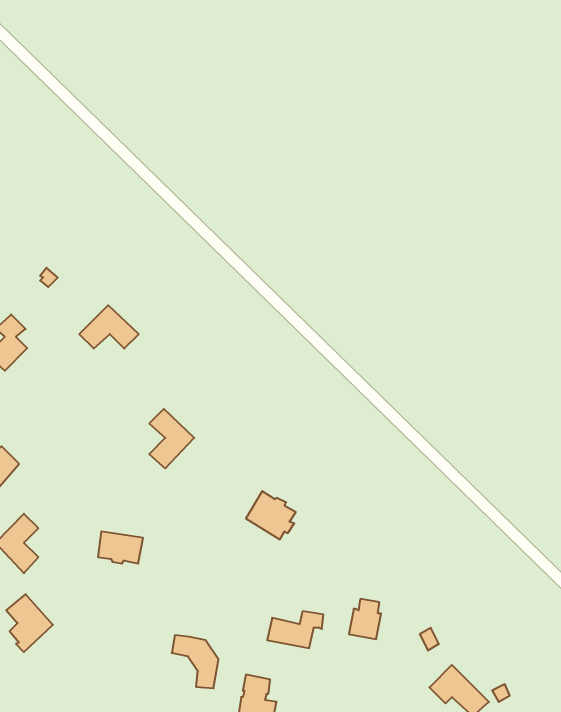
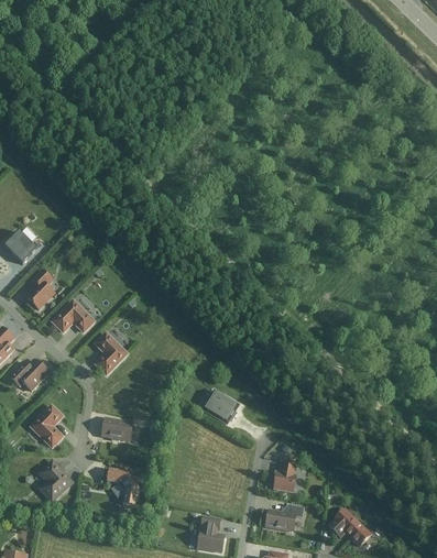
building: [79,305,139,349] -> [52,300,92,330]
building: [149,409,194,468] -> [95,332,125,373]
building: [267,611,323,648] -> [264,504,303,529]
building: [172,635,218,688] -> [106,468,138,504]

